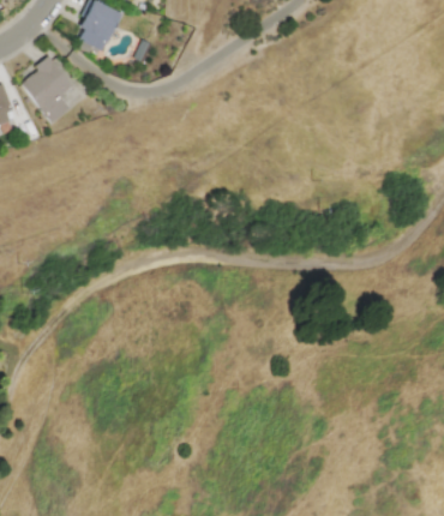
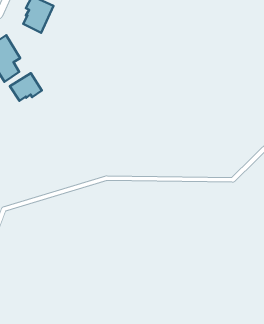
building: none -> [10,73,42,101]

